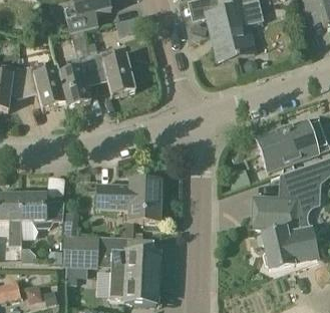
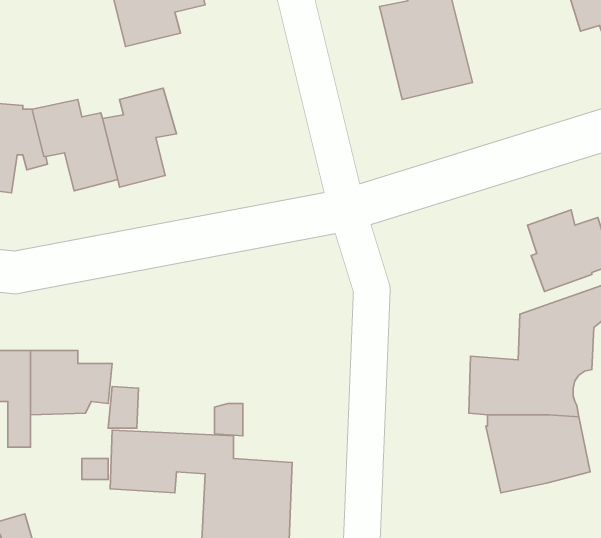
building: [92,50,137,95] -> none
building: [256,127,293,172] -> none
building: [94,179,162,221] -> none

